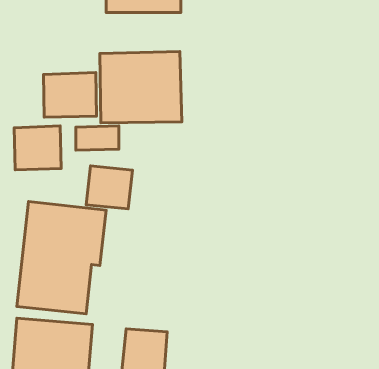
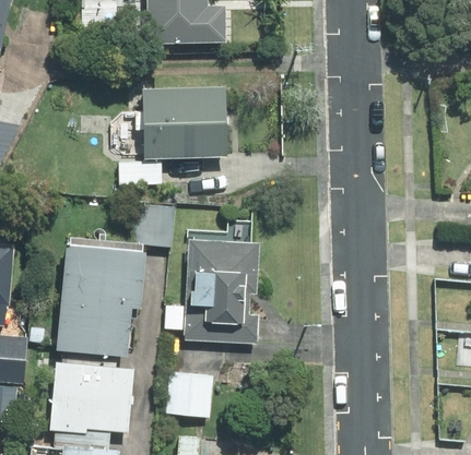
building: [43,72,97,117] -> none
building: [14,126,61,170] -> none
building: none -> [182,238,261,346]

